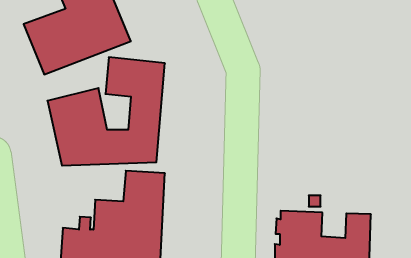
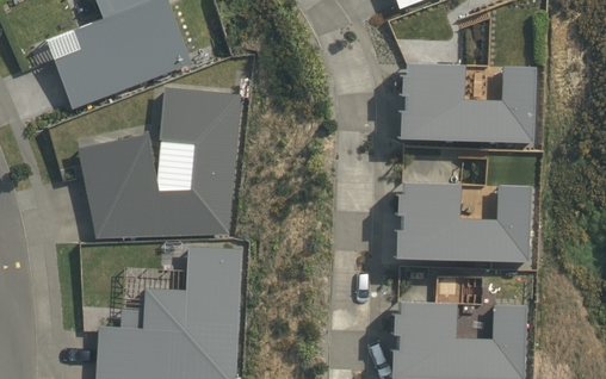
building: none -> [402,62,538,144]
building: none -> [398,181,532,262]

